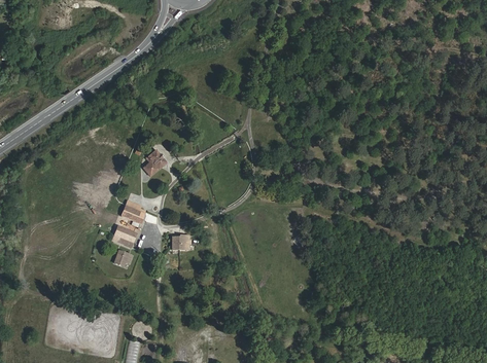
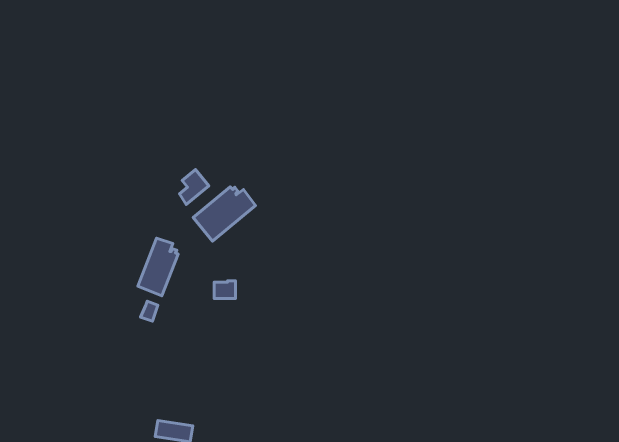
building: none -> [193,187,256,241]

